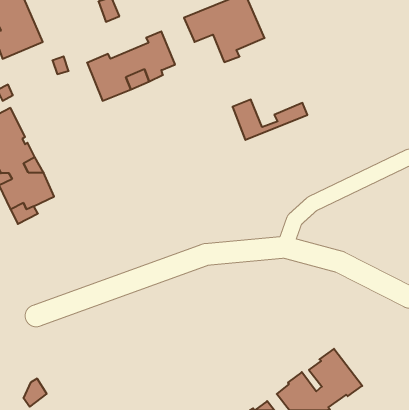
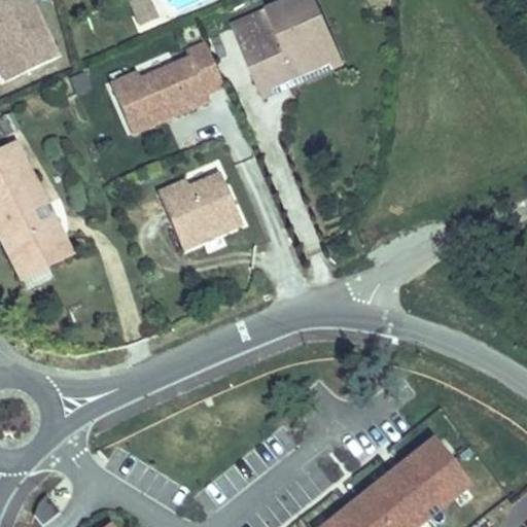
building: [232,100,307,140] -> [248,44,344,96]
building: none -> [156,173,240,247]

